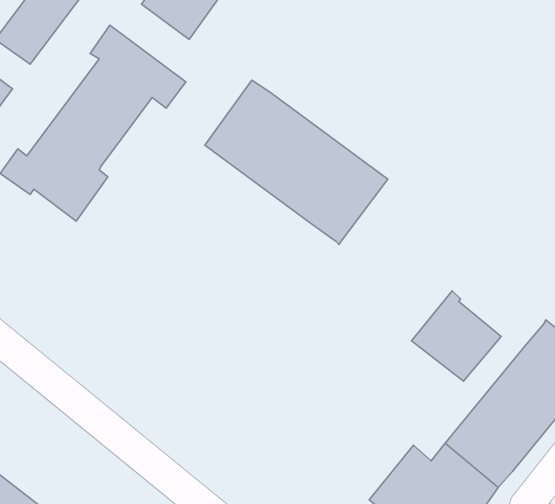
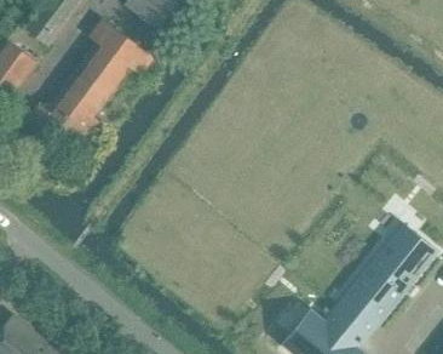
building: [205,80,388,245] -> none
building: [412,291,501,381] -> none

